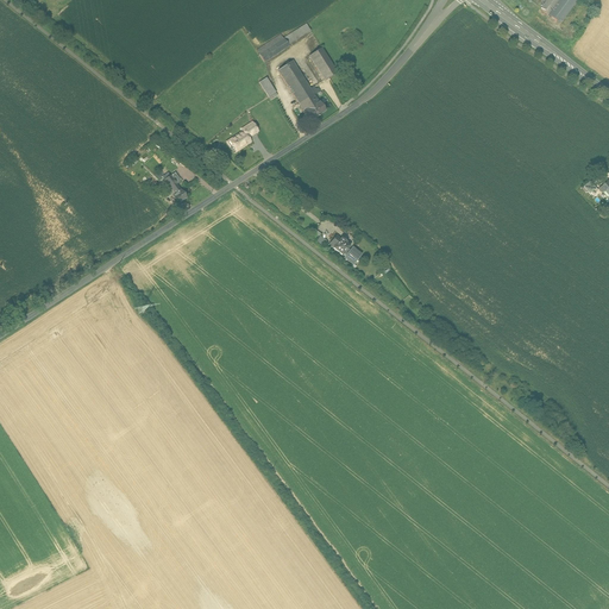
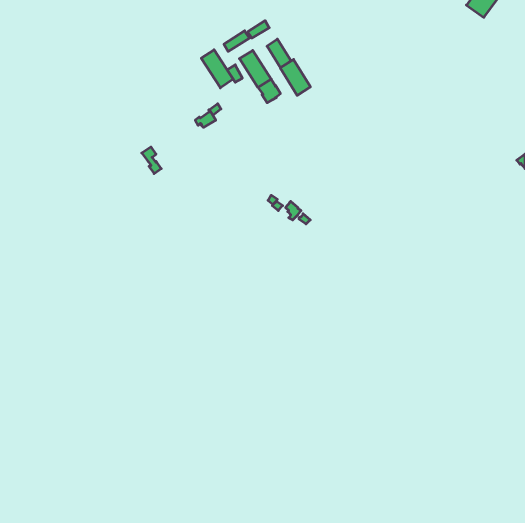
building: none -> [201,50,233,88]
building: none -> [280,59,310,95]

